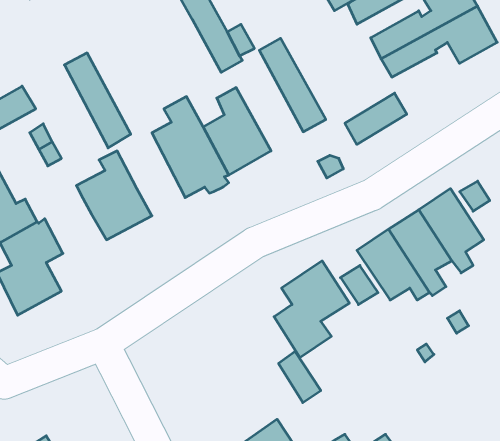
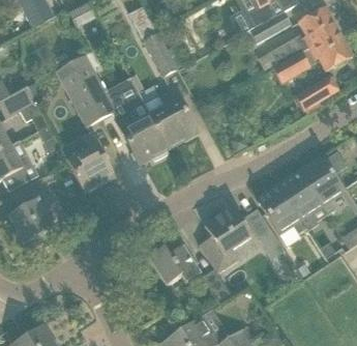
building: [259,38,326,132] -> [71,54,117,118]
building: [345,93,407,144] -> [296,74,338,109]
building: none -> [148,242,202,284]

